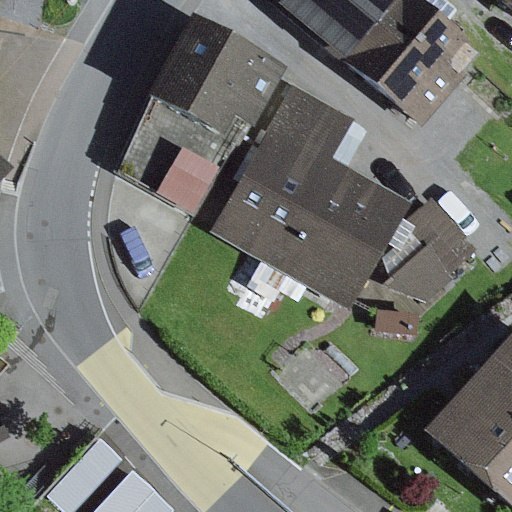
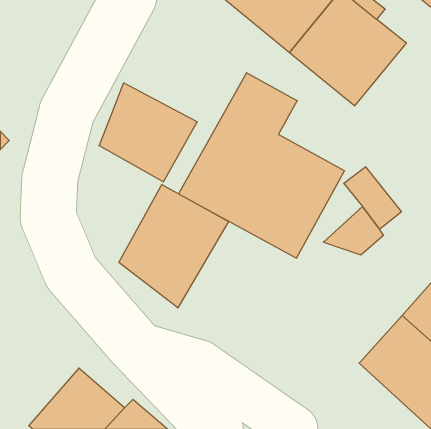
building: [148,19,285,148] -> none
building: none -> [119,184,229,308]

